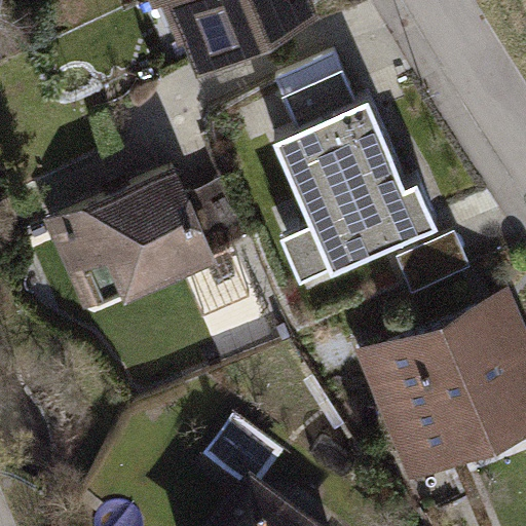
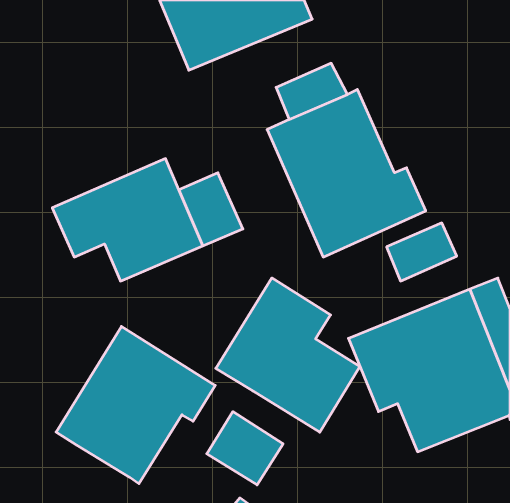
building: none -> [216,278,360,432]
building: none -> [56,326,215,484]

